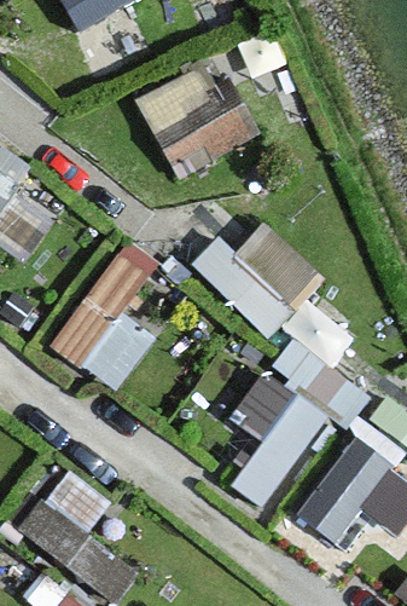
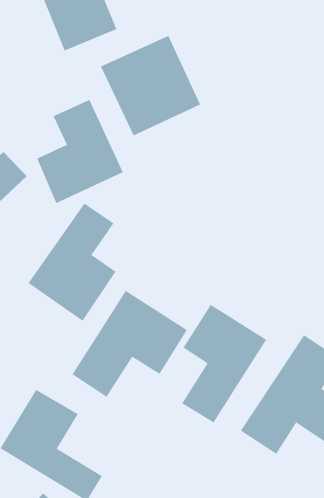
building: none -> [36,99,124,204]
building: [197,213,370,427] -> none
building: none -> [72,290,188,398]

